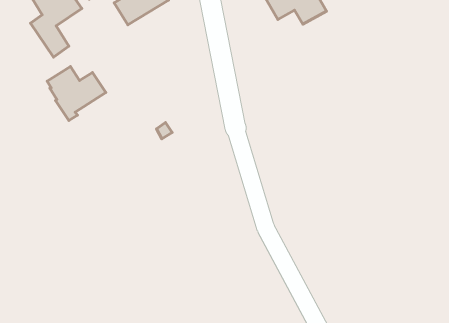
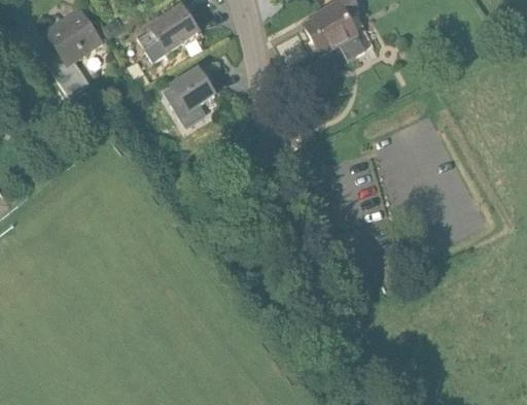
building: none -> [171,68,214,110]
building: [47,66,106,120] -> none

